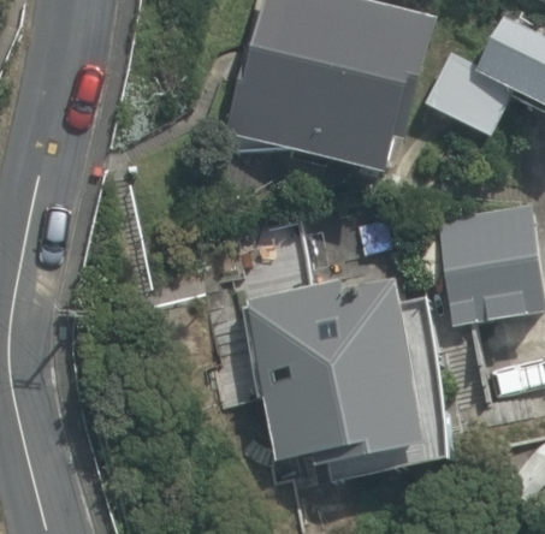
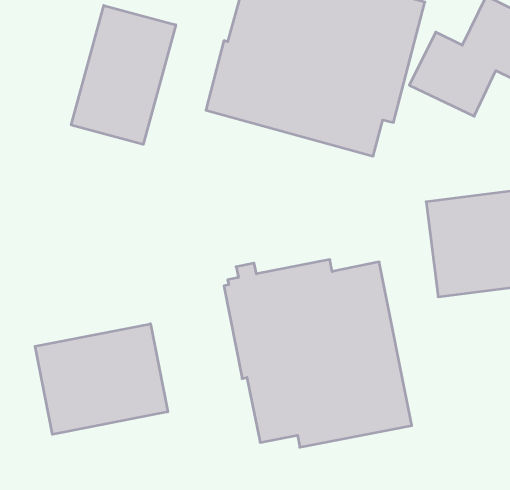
building: none -> [71,5,176,144]
building: none -> [35,324,168,434]

